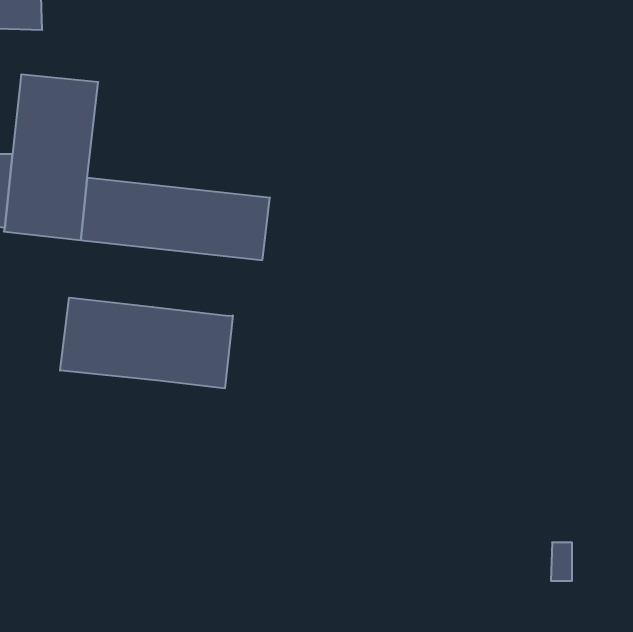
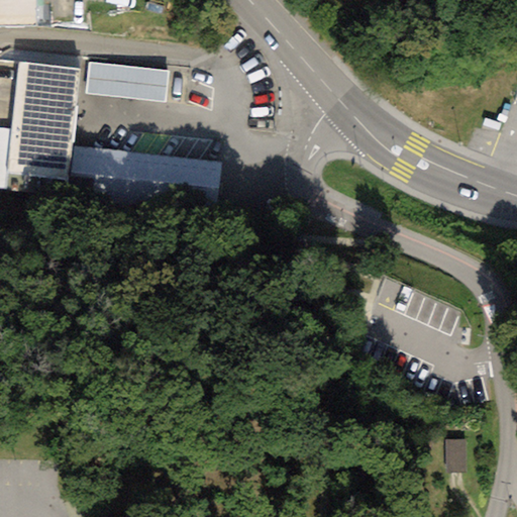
building: none -> [83,60,167,99]
building: [60,298,233,388] -> none

